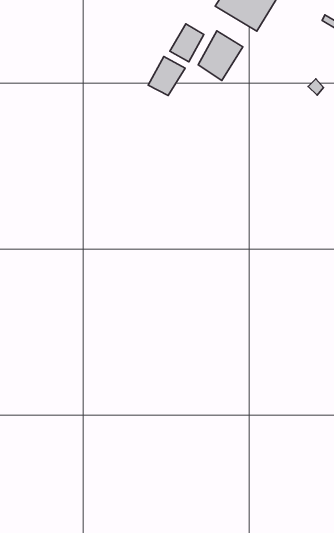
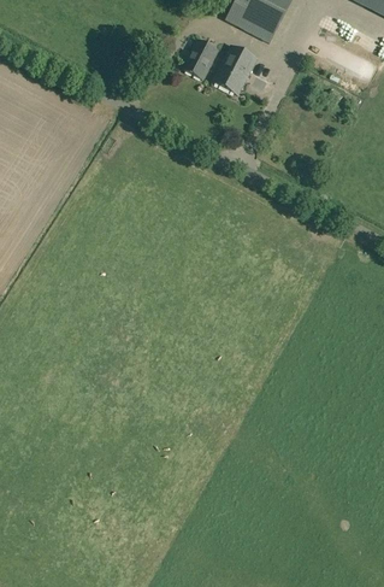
building: [148,56,185,95] -> none

